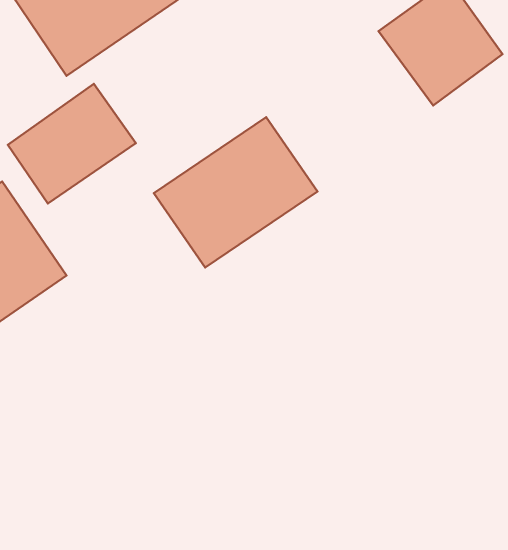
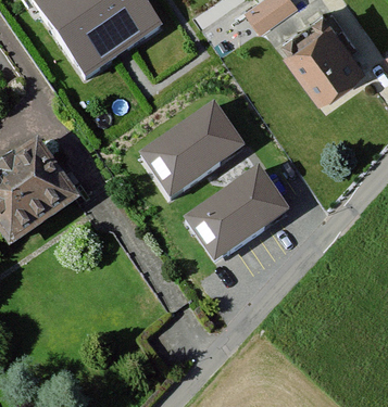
building: [8,84,136,204] -> none
building: none -> [186,166,290,258]

